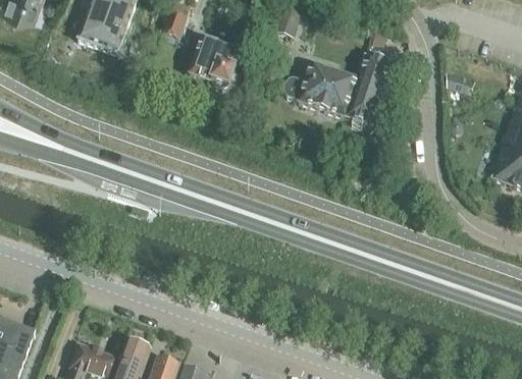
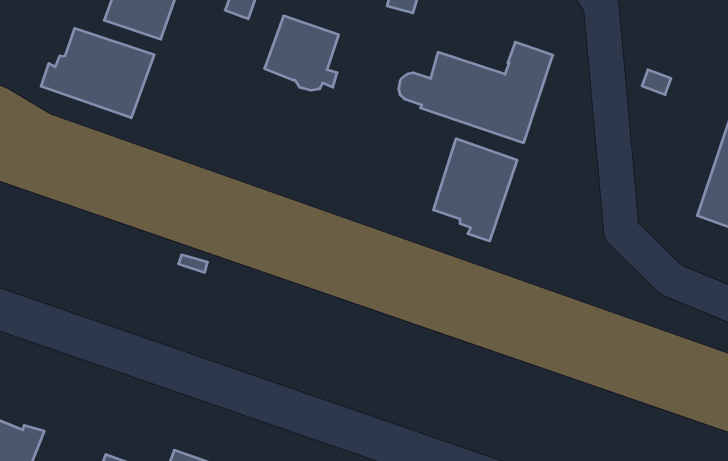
building: none -> [41,28,154,118]
building: none -> [433,139,517,241]

